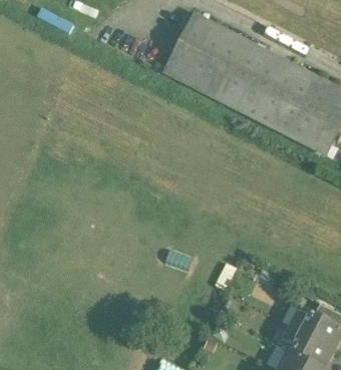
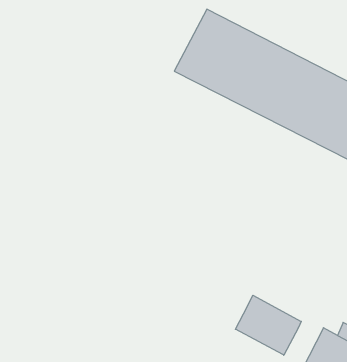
building: none -> [235,295,301,355]

